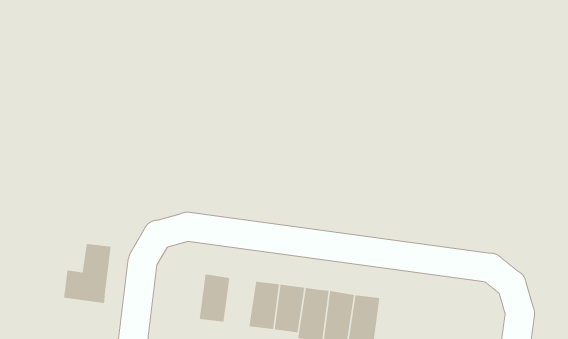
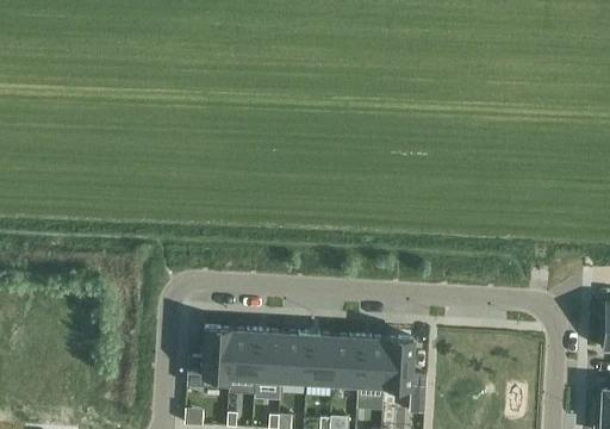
building: [63,243,112,304] -> [187,329,232,390]
building: none -> [255,331,285,386]

